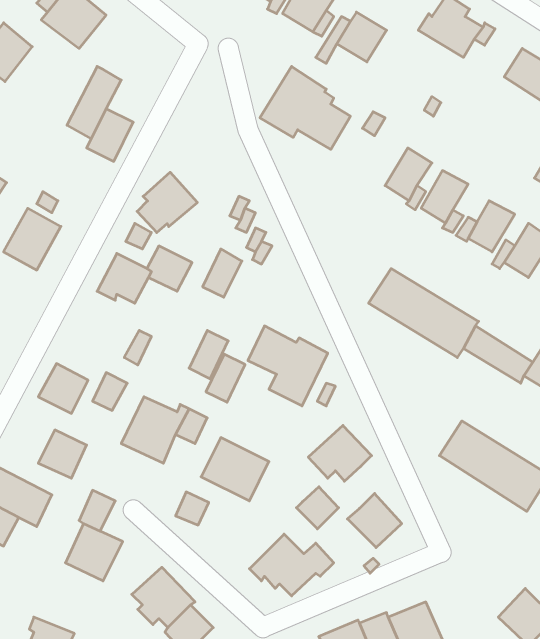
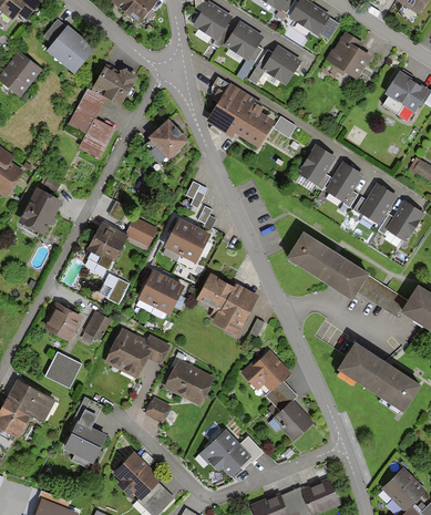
building: none -> [92,65,137,103]
building: [137,172,197,233] -> [144,120,188,164]
building: none -> [181,228,209,262]
building: [206,354,245,402] -> [140,271,168,307]
building: [296,487,339,529] -> [265,379,296,410]

